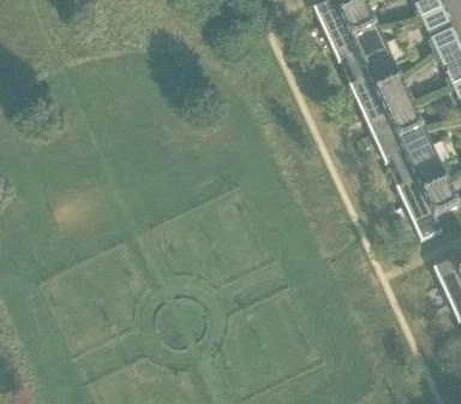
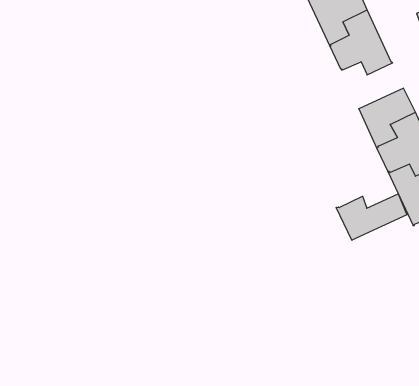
building: [347,69,409,115] -> none
building: none -> [336,194,407,240]

